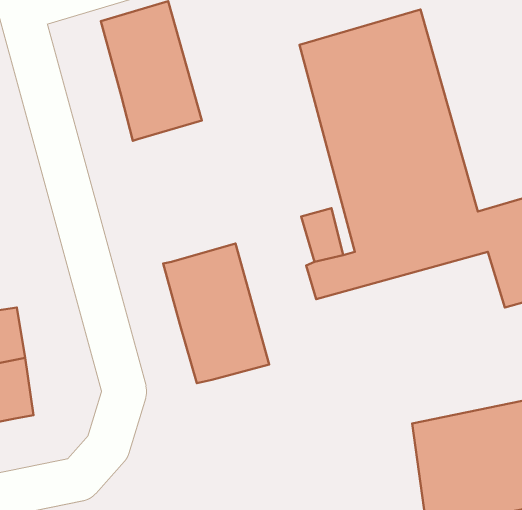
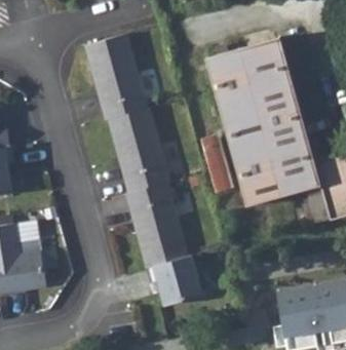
building: none -> [108,105,171,192]
building: none -> [153,252,203,305]

